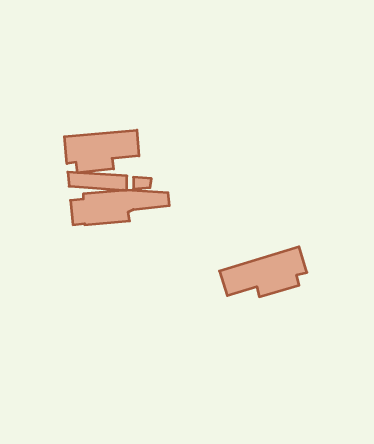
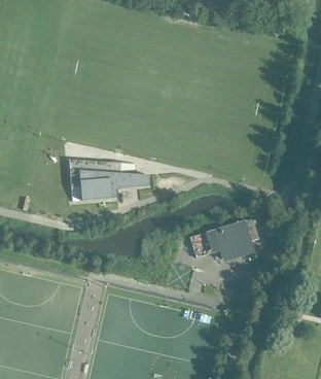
building: [64,130,139,173] -> none

